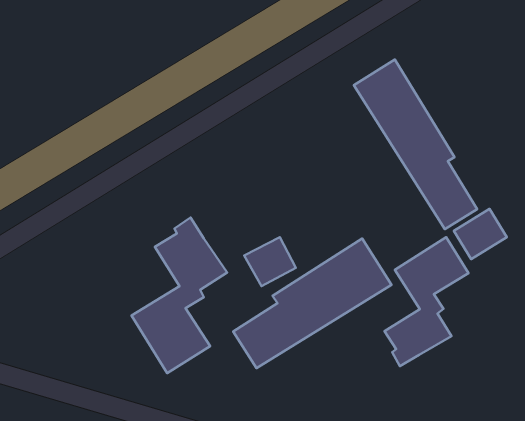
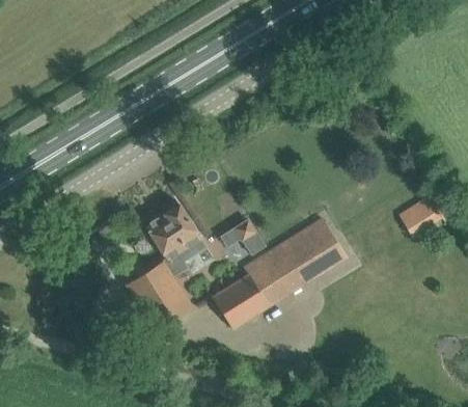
building: [354,60,477,229] -> none
building: [385,237,468,366] -> none

